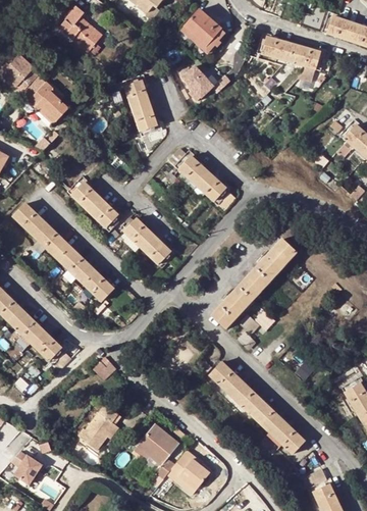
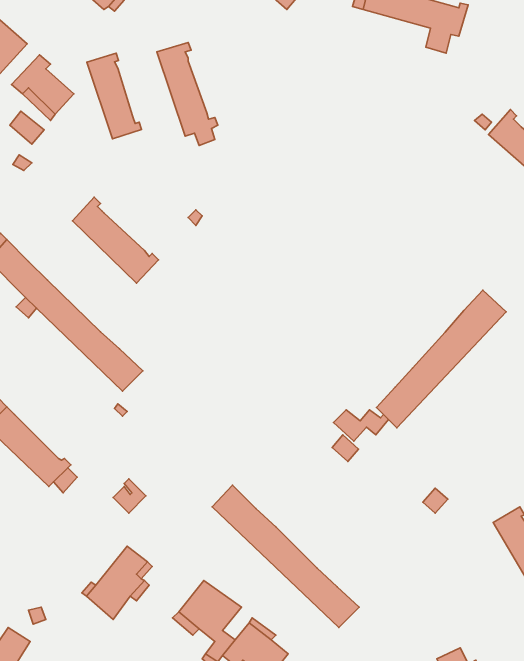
building: [180,65,216,100] -> none
building: none -> [87,53,142,139]
building: [167,146,231,203] -> none
building: [120,211,175,266] -> none
building: [211,238,296,327] -> [376,290,506,428]
building: [208,360,304,453] -> [212,485,359,627]

